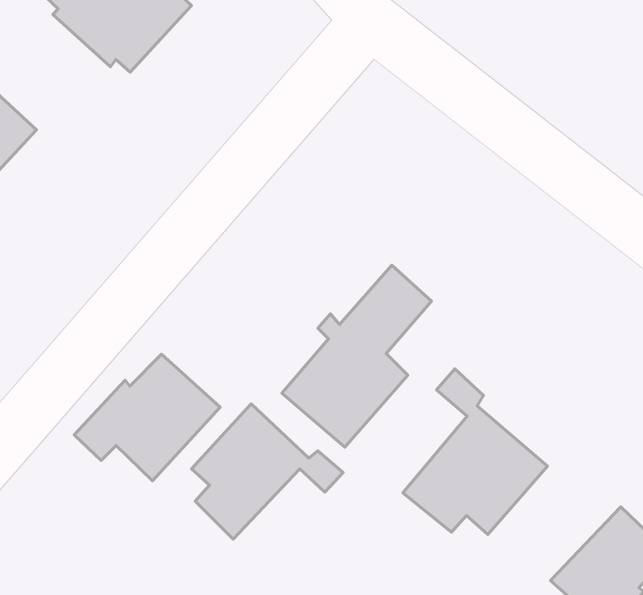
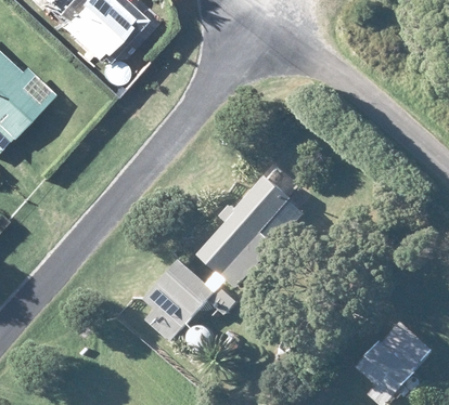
building: [74,354,220,481] -> none
building: [403,369,548,535] -> none

